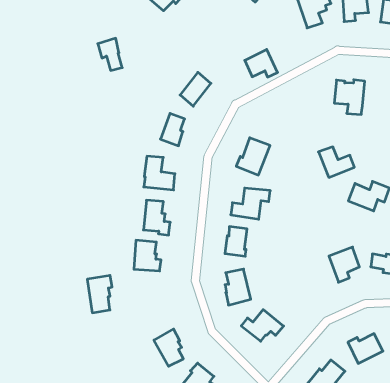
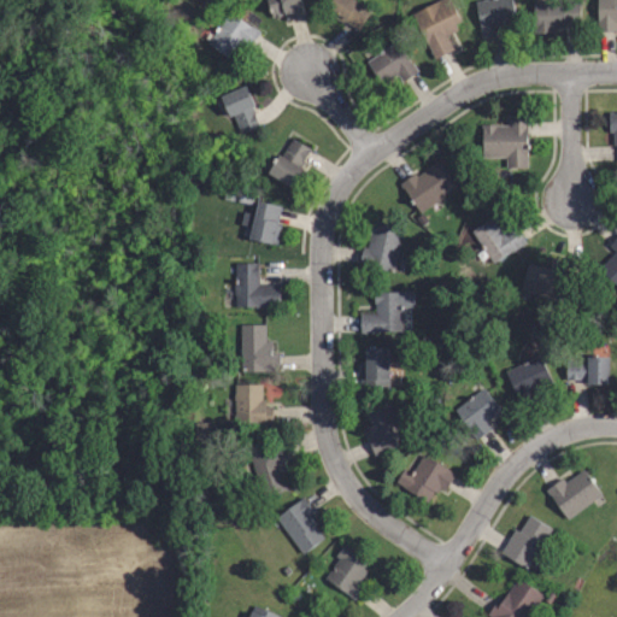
building: [98,38,122,70] -> [222,87,260,133]
building: [245,49,278,77] -> [370,45,418,86]
building: none -> [401,161,456,212]
building: none -> [456,388,500,437]
building: [87,275,112,313] -> [251,441,288,496]

